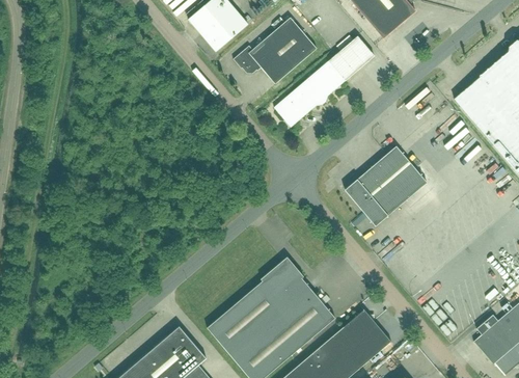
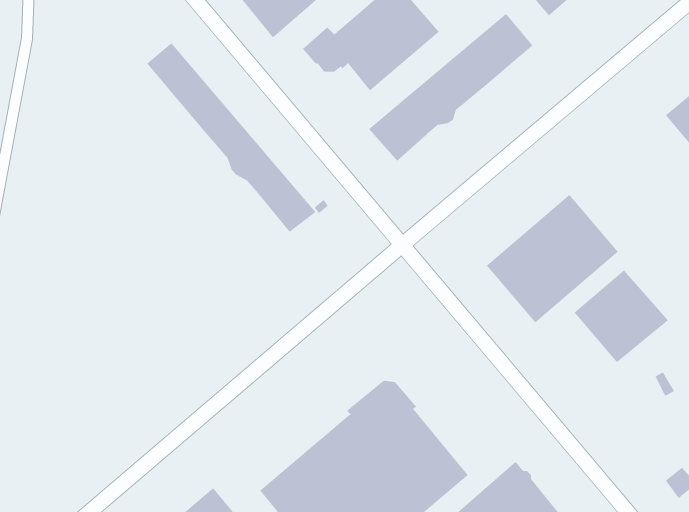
building: none -> [146,42,317,233]
building: none -> [573,269,669,363]

